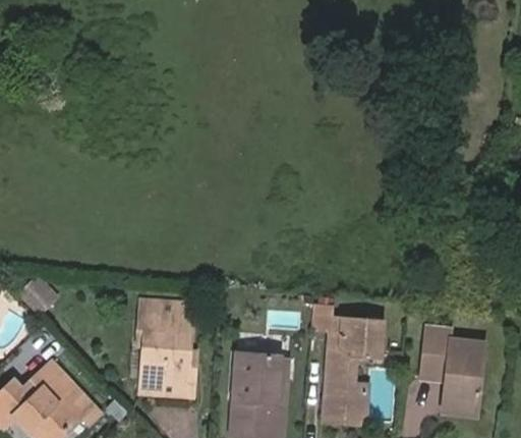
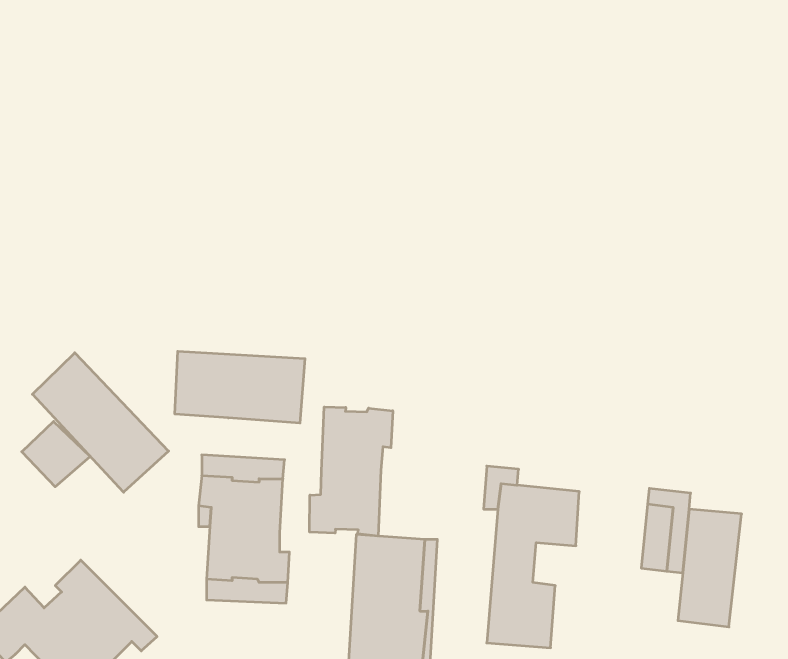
building: none -> [175,351,305,423]
building: none -> [32,353,169,492]
building: none -> [310,407,393,536]

